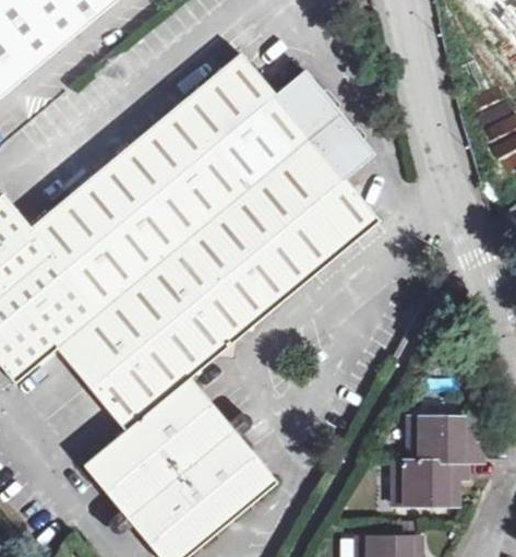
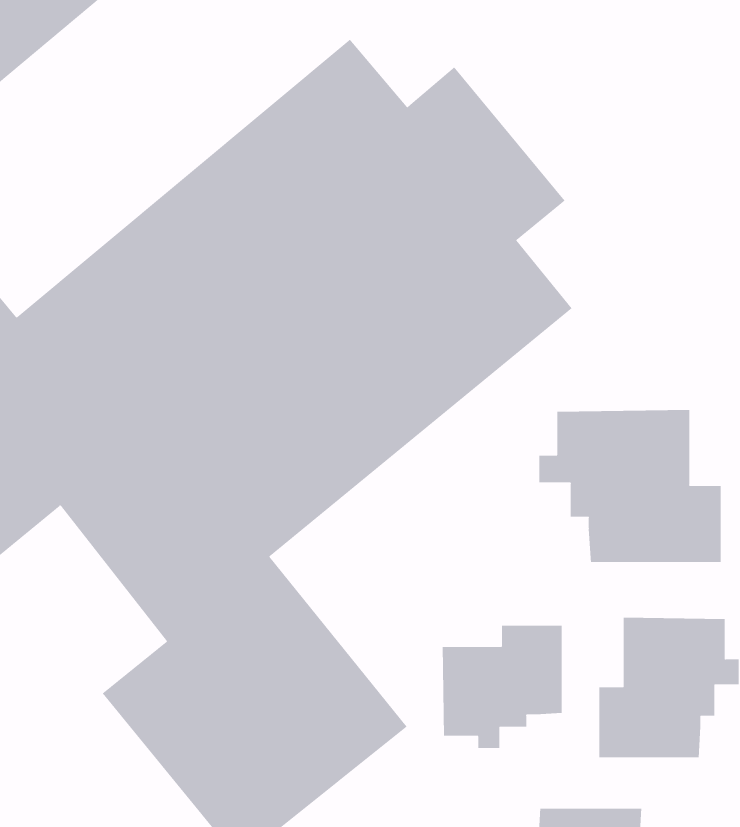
building: none -> [539,409,721,563]
building: none -> [442,625,562,749]

